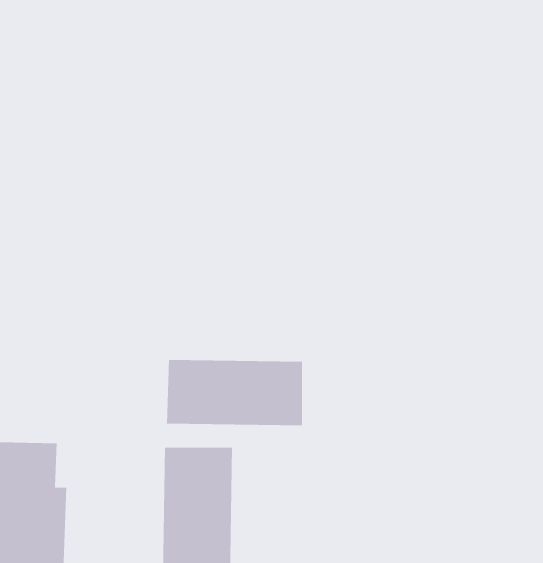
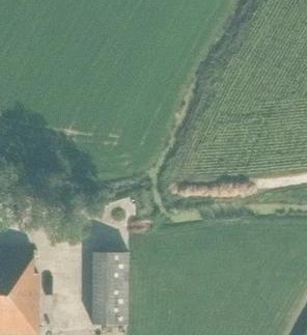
building: [166,359,303,426] -> none

